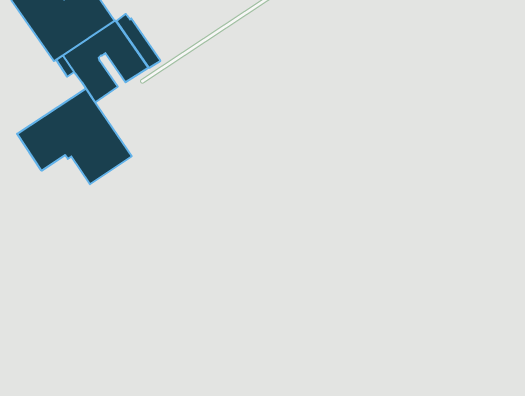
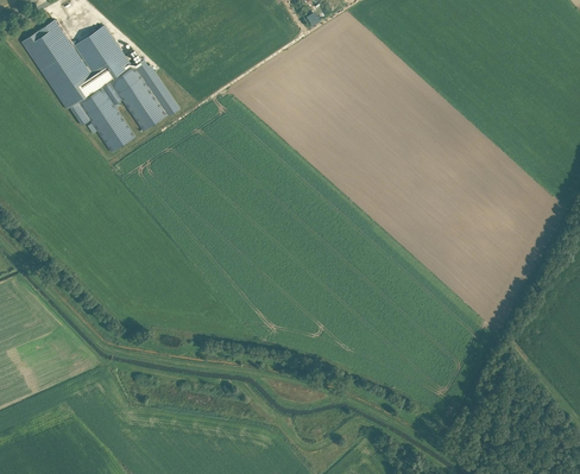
building: [17,89,132,184] -> none

